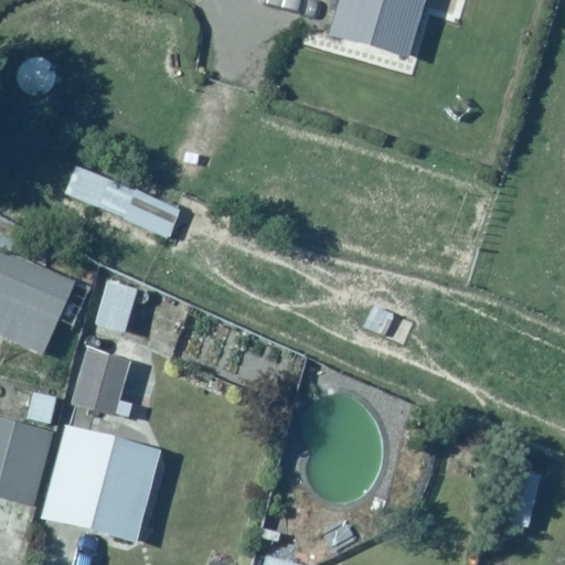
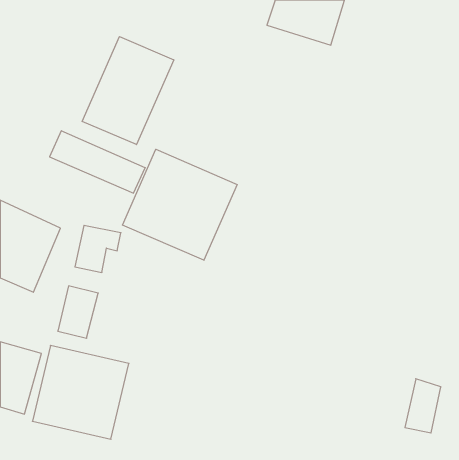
building: none -> [82,37,174,145]
building: none -> [122,149,237,260]

